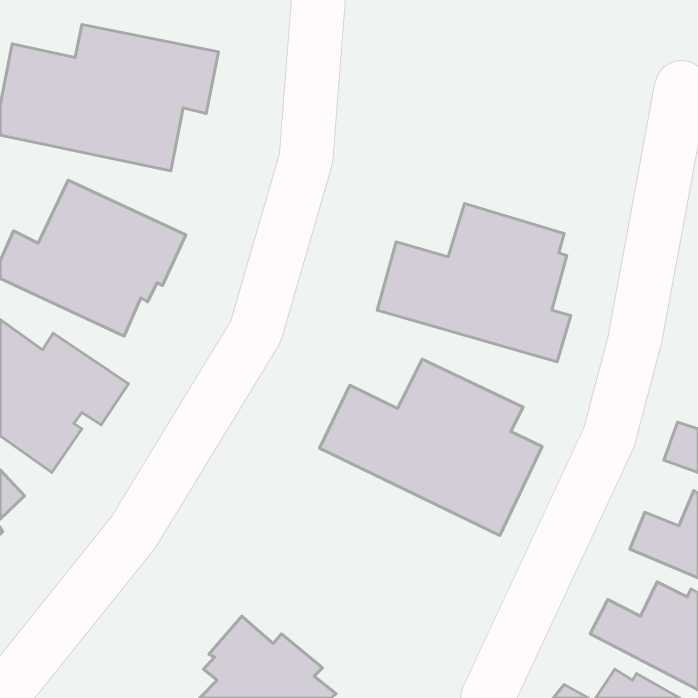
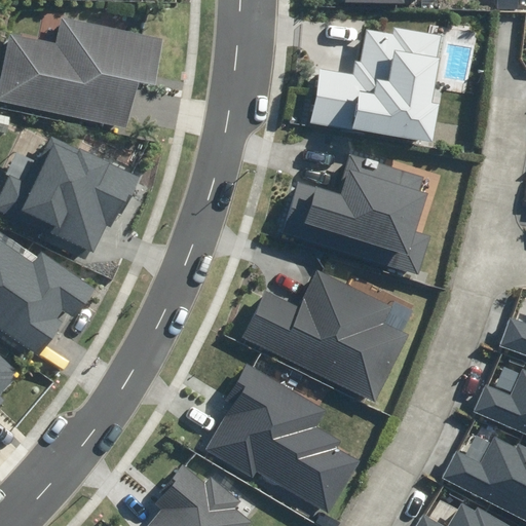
building: none -> [310,29,440,142]
building: none -> [205,363,360,514]

